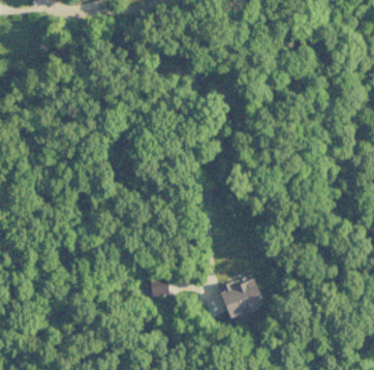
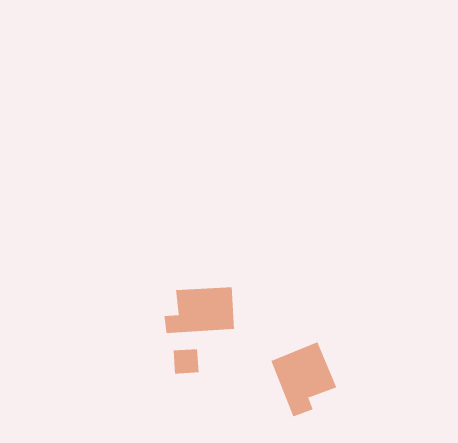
building: none -> [164,287,235,334]

